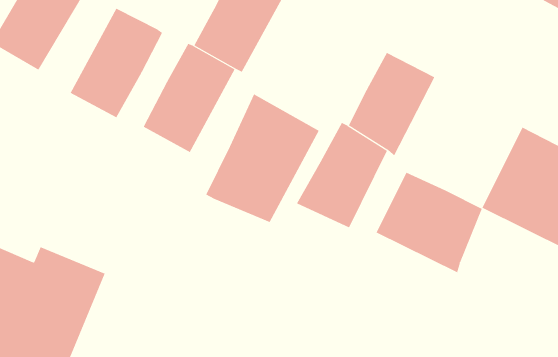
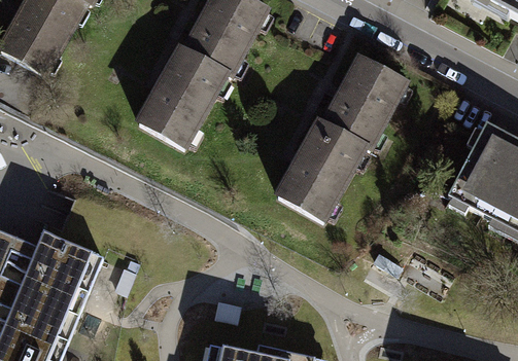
building: [70,8,163,118] -> none
building: [206,93,320,223] -> none
building: [376,172,483,273] -> none

